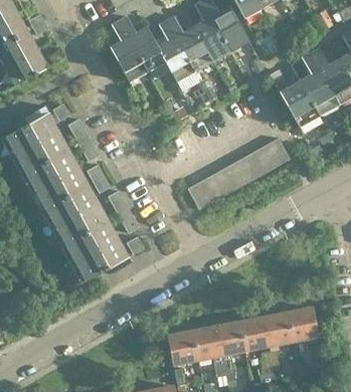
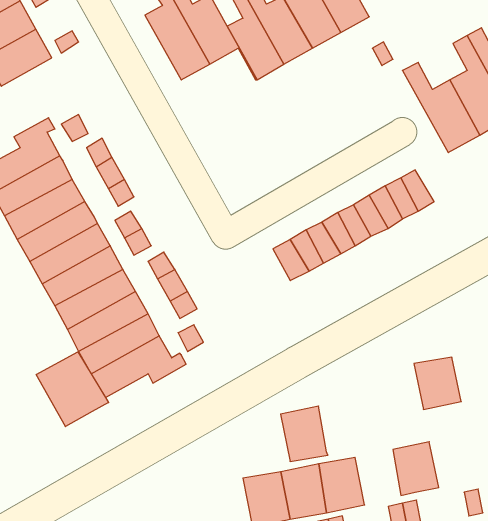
building: none -> [36,352,109,427]
building: [287,307,317,340] -> [414,357,461,409]
building: [239,316,270,351] -> [281,406,328,461]

